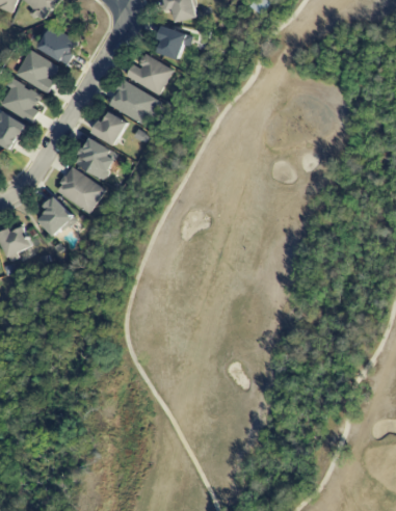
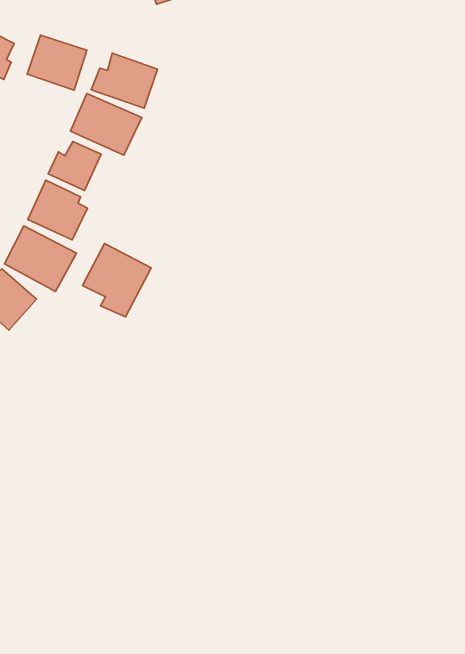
building: [154,26,192,60] -> none
building: none -> [27,35,87,90]
building: none -> [82,243,151,317]

